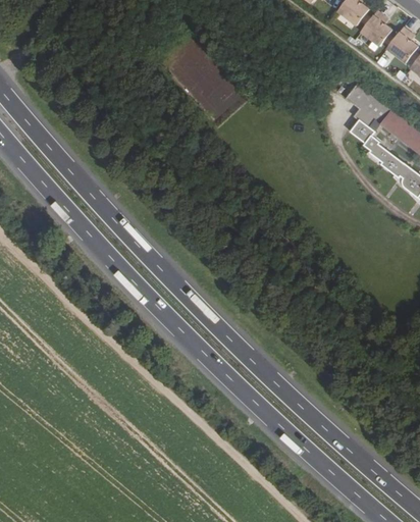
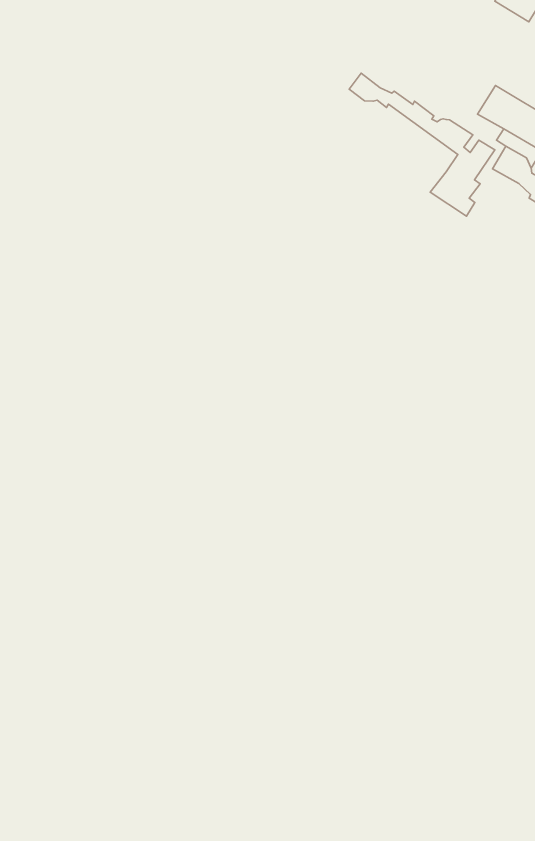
building: none -> [349,73,495,216]

